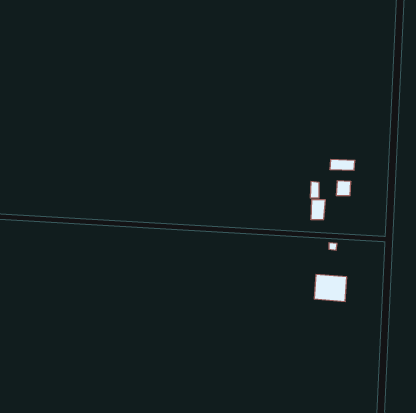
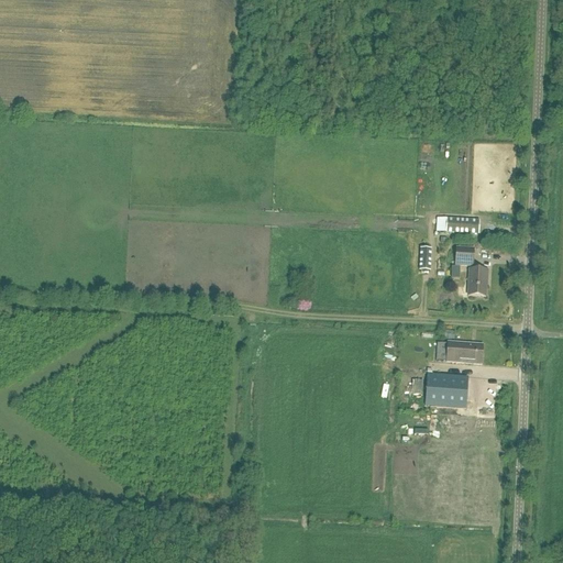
building: [311,200,325,219] -> [467,267,487,294]
building: none -> [445,340,483,362]

